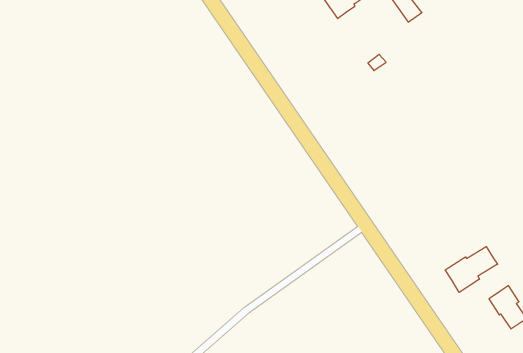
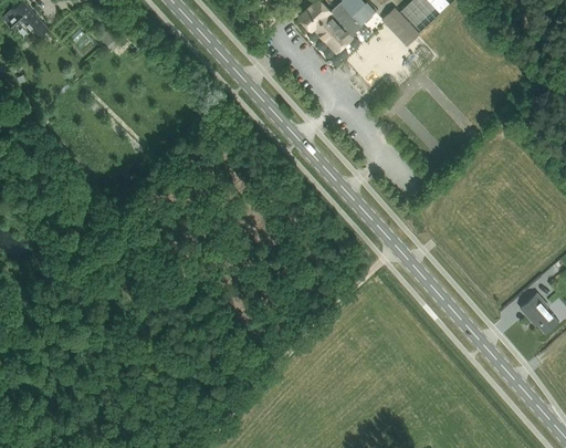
building: [445,247,498,292] -> none

